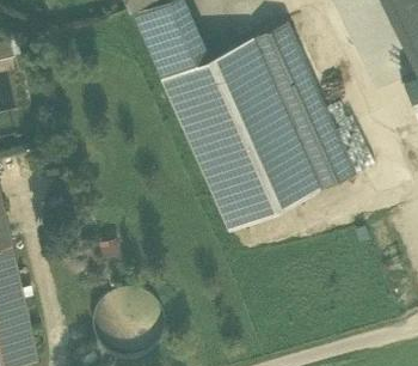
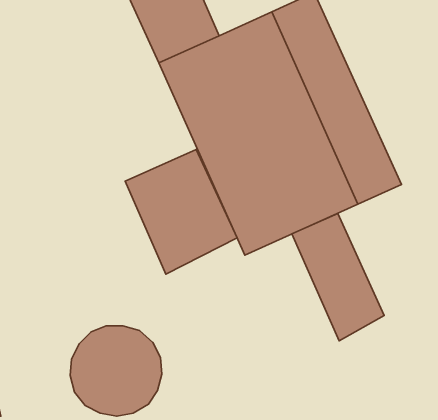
building: none -> [125,150,237,274]
building: none -> [292,214,384,341]

